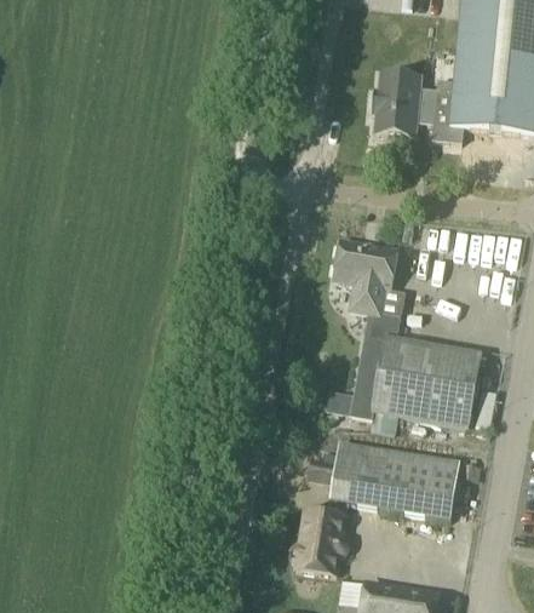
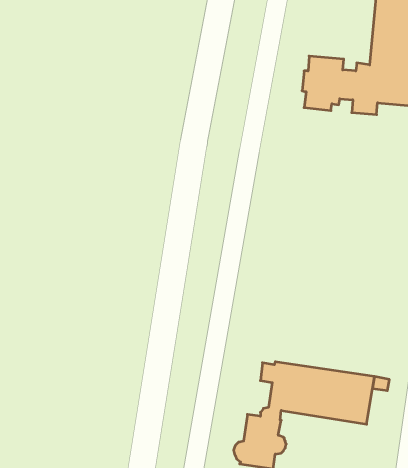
building: [333,240,480,426] -> none

